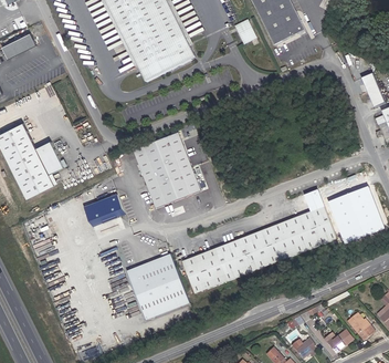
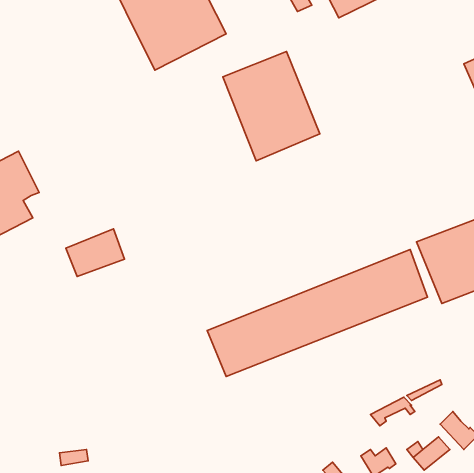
building: [133,129,200,206] -> [223,51,320,161]
building: [130,253,181,315] -> none

